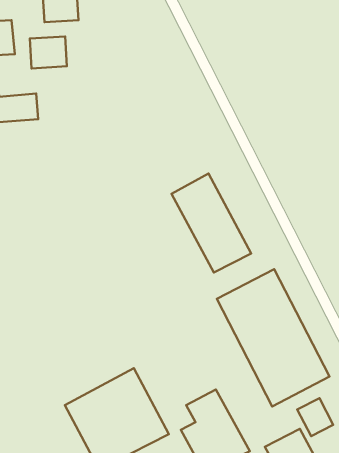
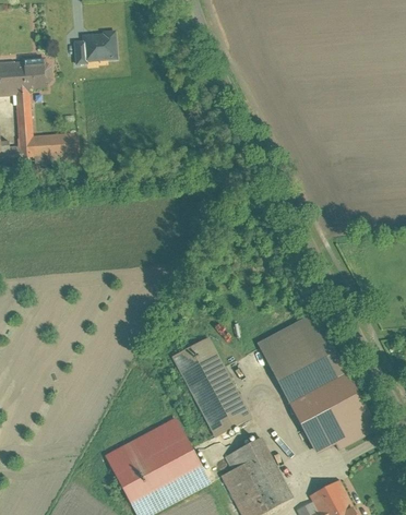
building: [30,36,67,68] -> none
building: [171,174,251,273] -> [169,334,251,435]
building: [297,398,333,436] -> none

